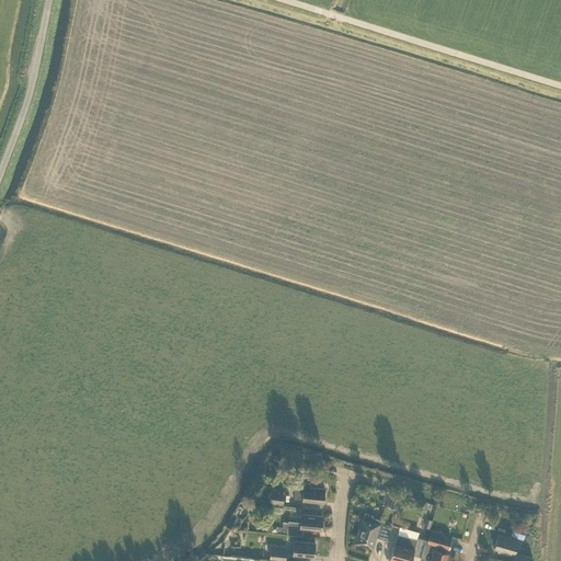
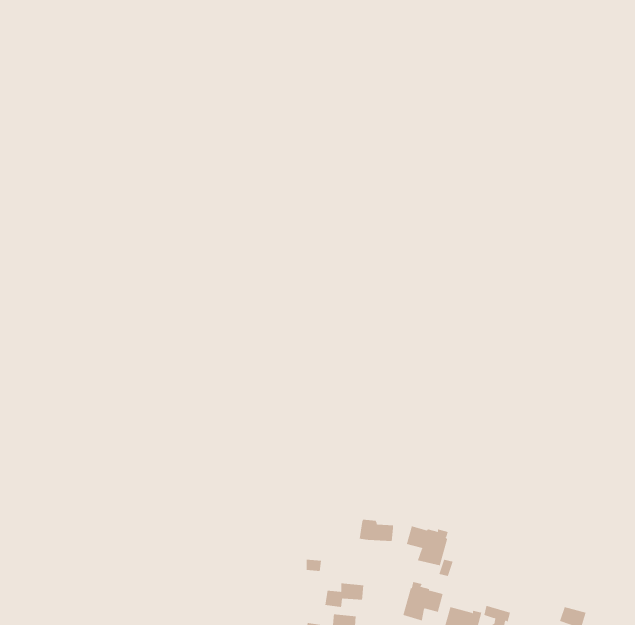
building: none -> [406,525,449,566]
building: [294,491,324,511] -> [359,519,394,541]

